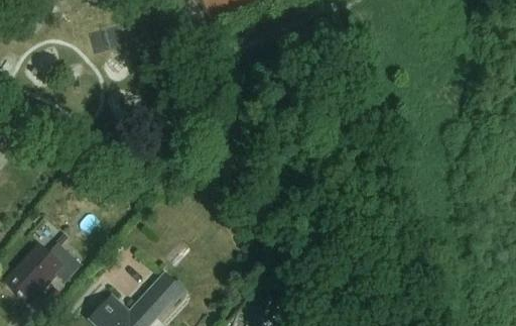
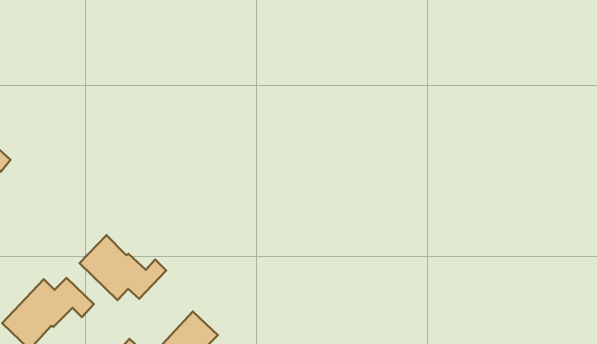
building: none -> [80,235,166,300]

